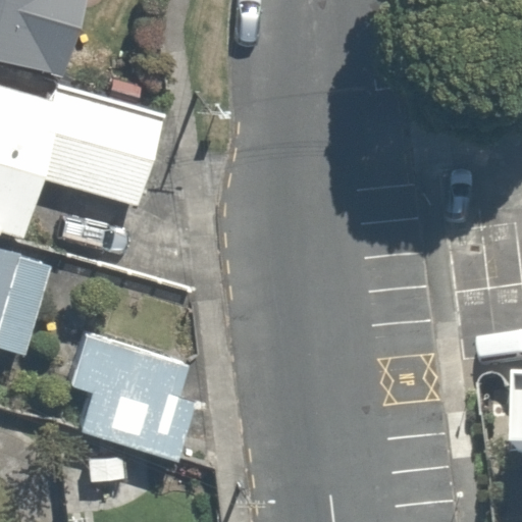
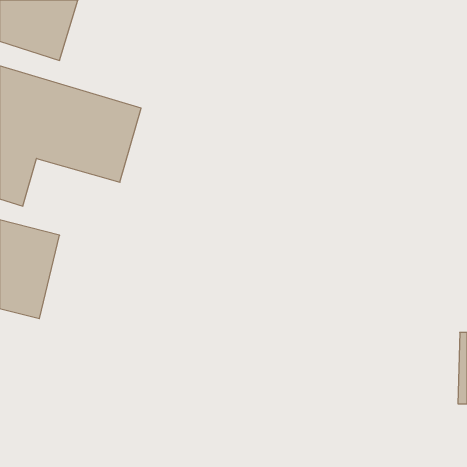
building: [70,334,194,460] -> none

